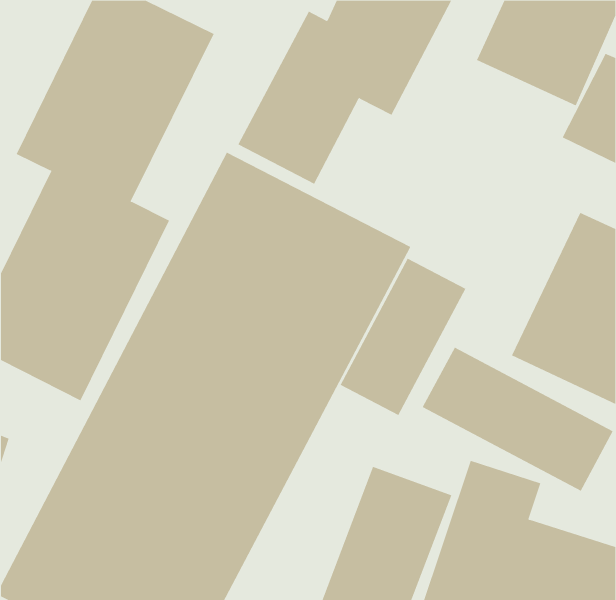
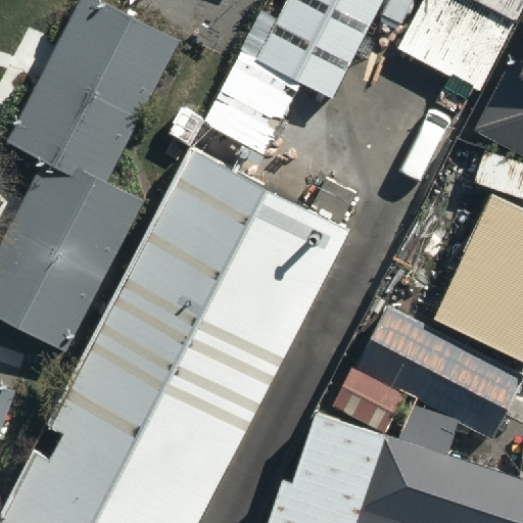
building: [340,258,466,416] -> none

